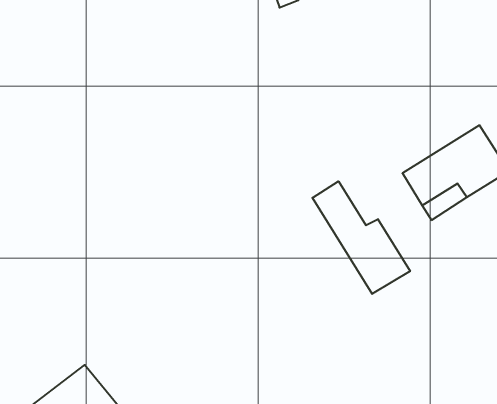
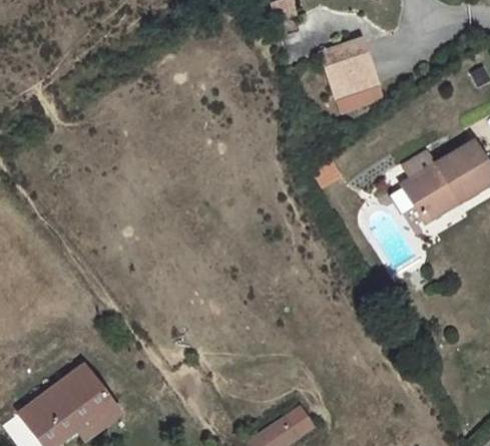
building: none -> [321,44,381,106]
building: [312,181,410,294] -> none

